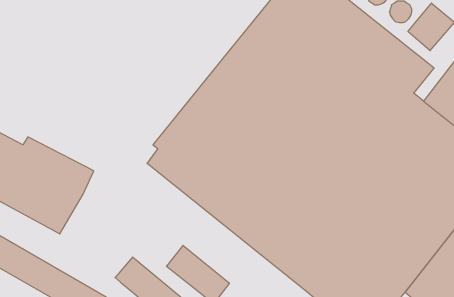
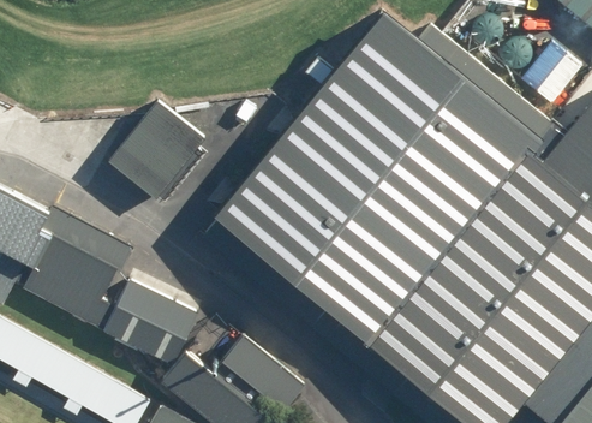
building: none -> [112,103,208,203]
building: none -> [106,281,196,364]

